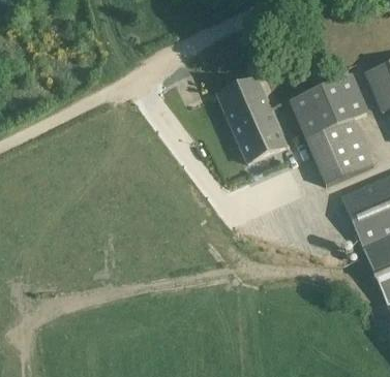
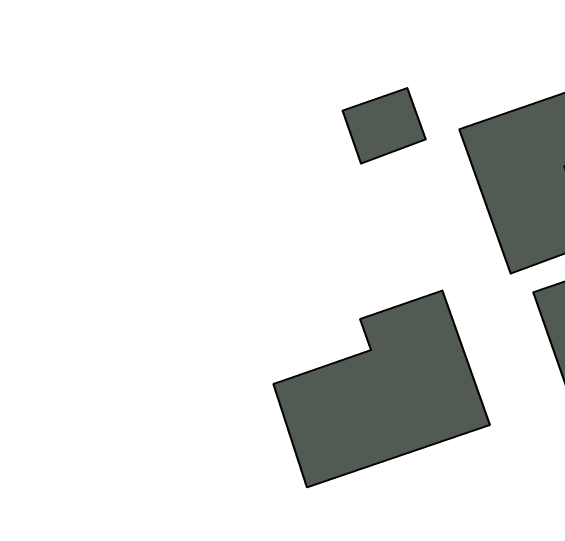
building: [231,106,286,161] -> none
building: none -> [274,290,490,487]

